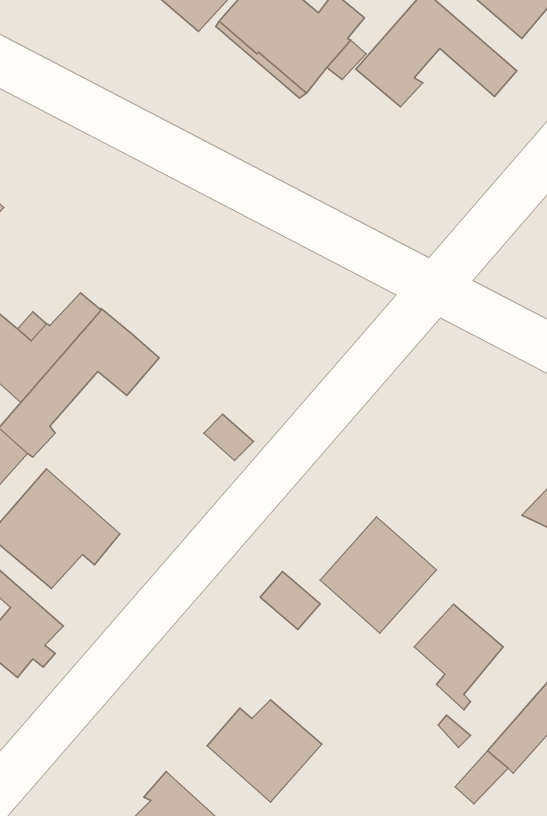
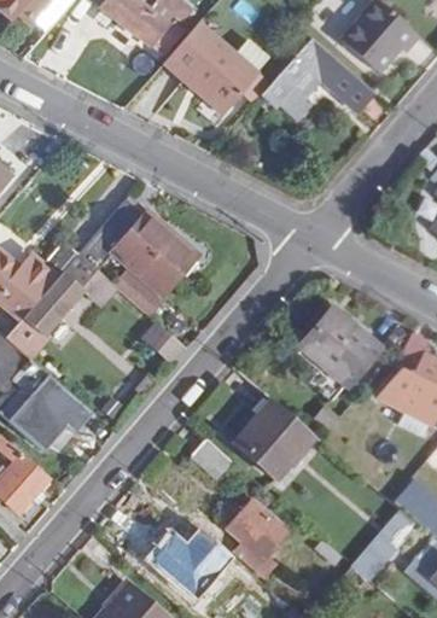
building: none -> [78,199,199,298]
building: none -> [298,305,380,386]
building: [414,604,503,710] -> [225,503,287,578]

